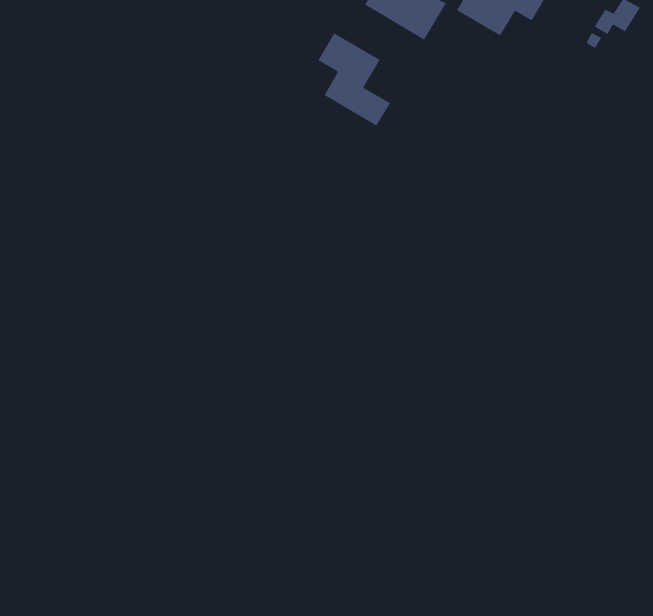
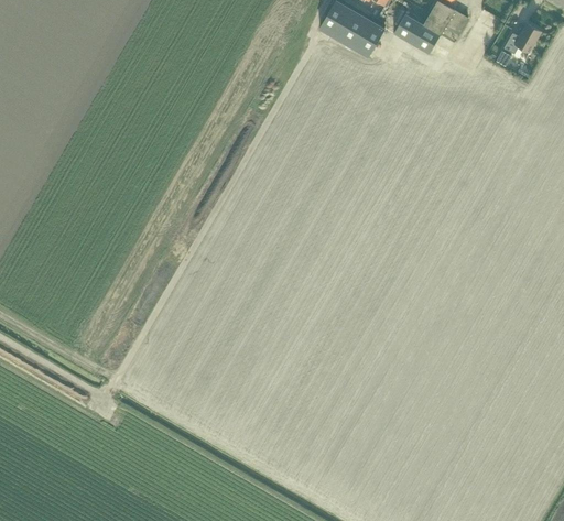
building: [318,33,391,127] -> none

